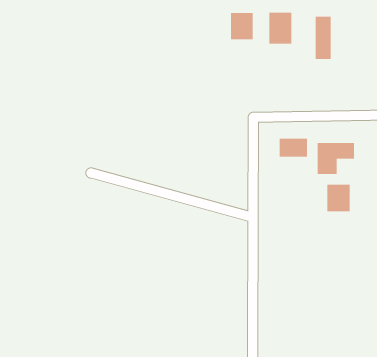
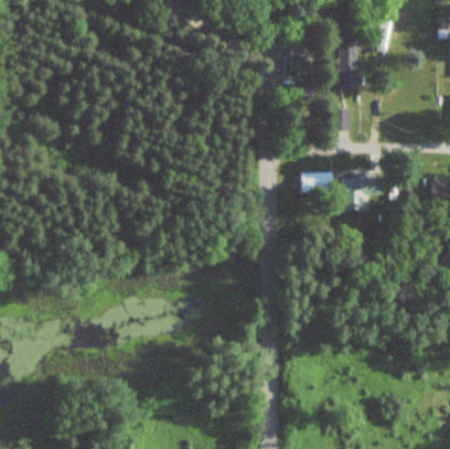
building: [230,12,253,40] -> none
building: [327,184,351,212] -> none

